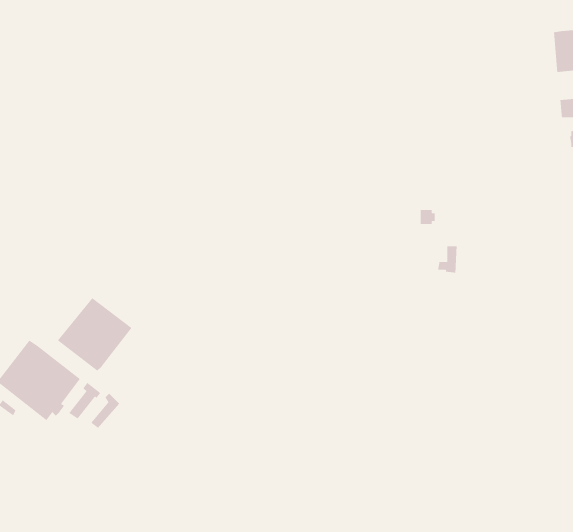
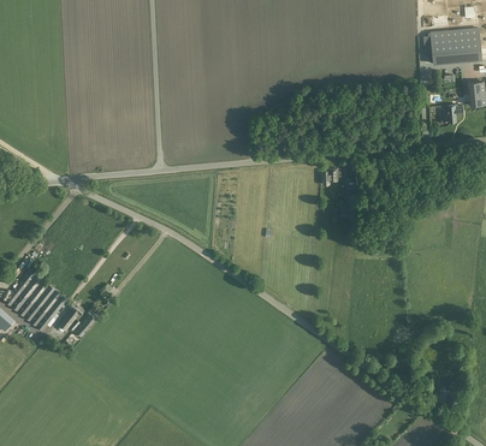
building: [57,297,132,372] -> none

